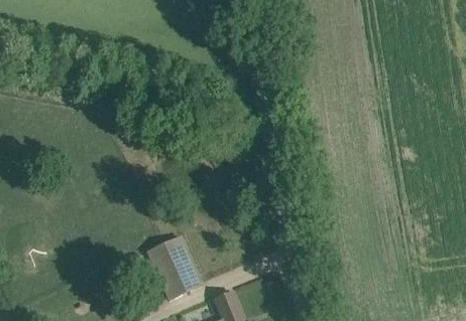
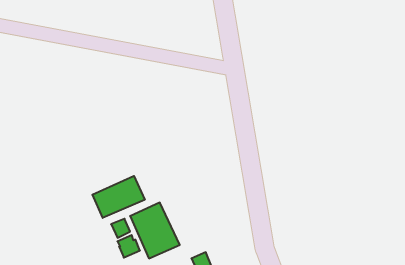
building: none -> [92,176,145,218]

